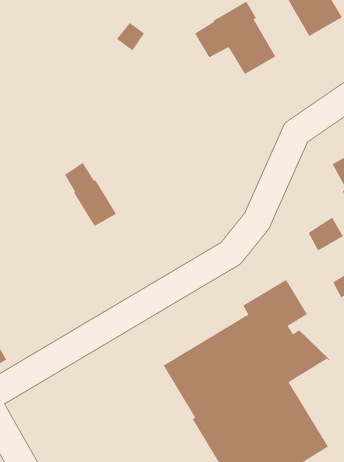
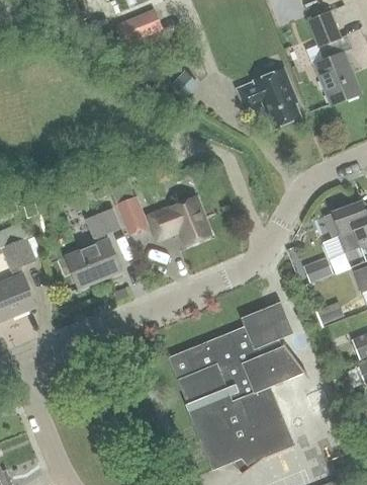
building: none -> [149,198,207,244]
building: none -> [65,209,121,288]

